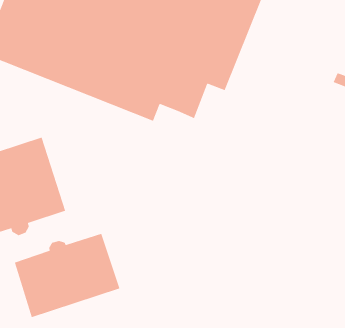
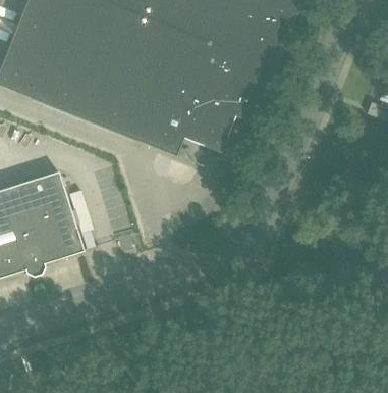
building: [14,233,121,318] -> none

